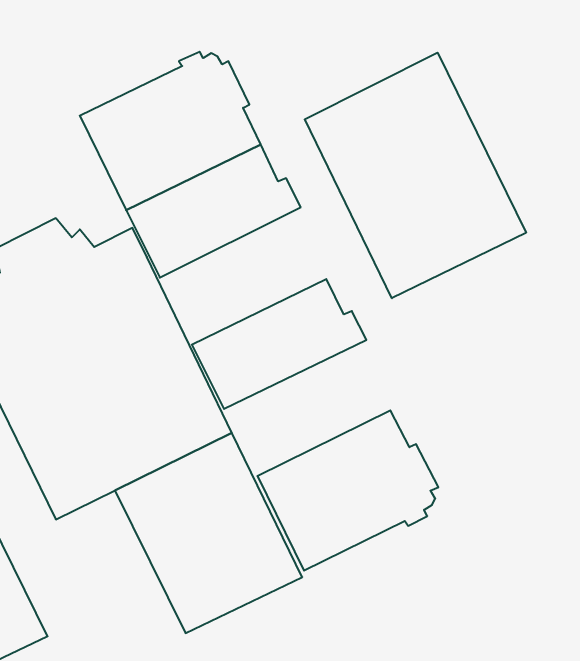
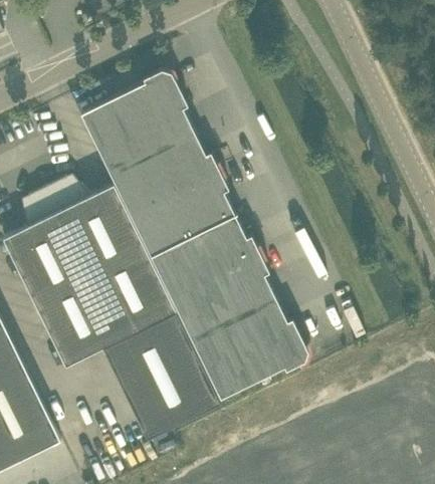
building: [305,53,526,298] -> none
building: none -> [131,172,235,258]
building: none -> [171,255,275,340]

